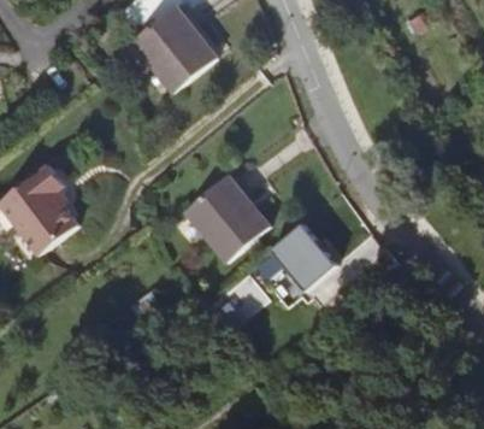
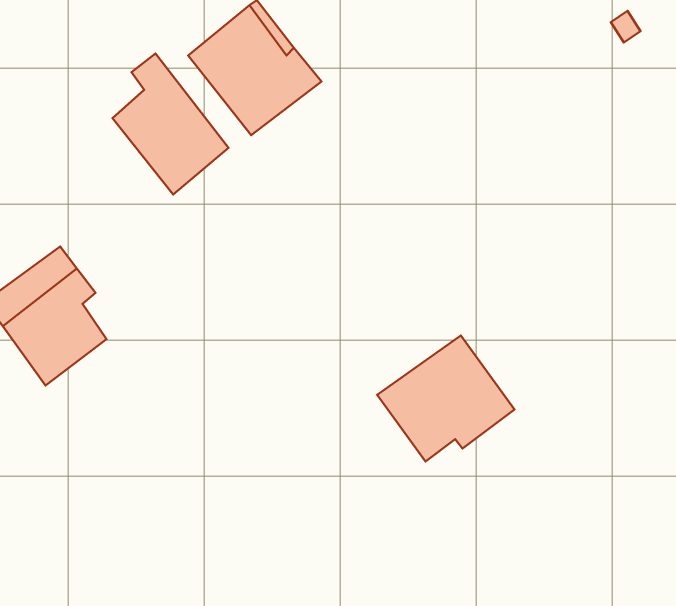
building: none -> [113,54,229,195]
building: [184,175,268,261] -> none

